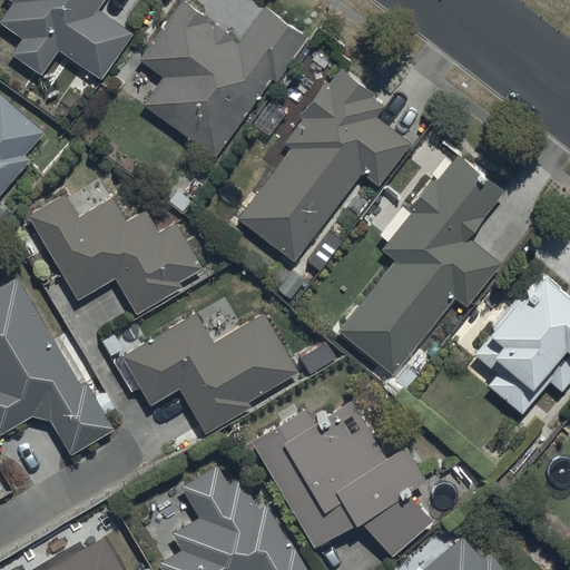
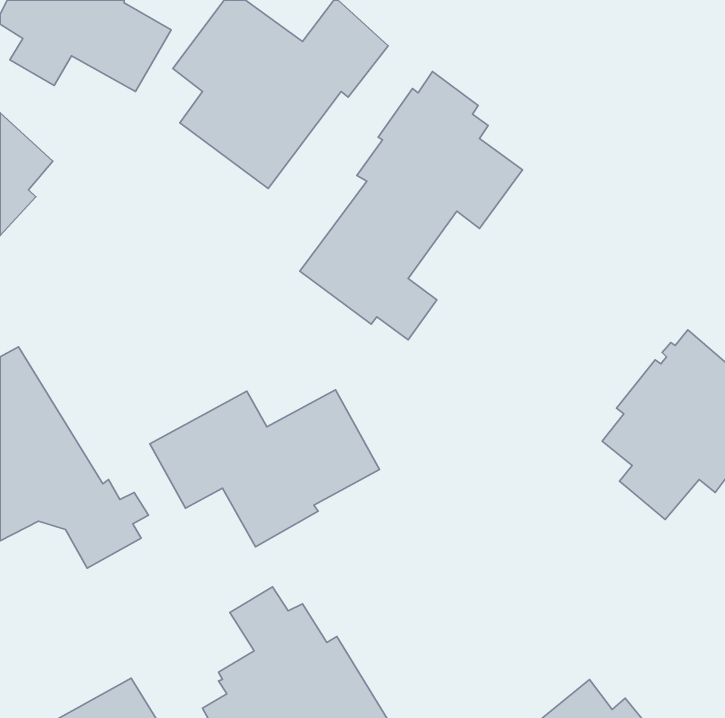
building: [337,150,508,374] -> none
building: [29,194,204,316] -> none
building: [249,396,433,557] -> none

